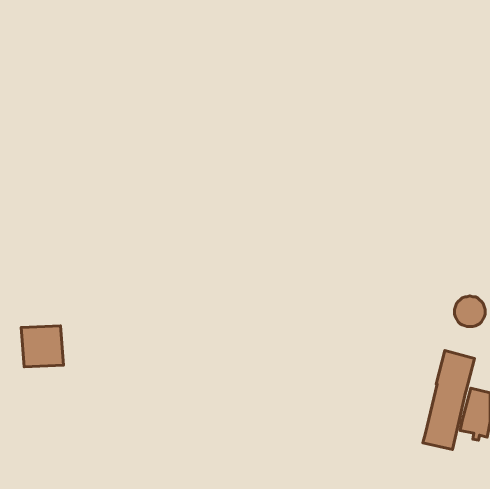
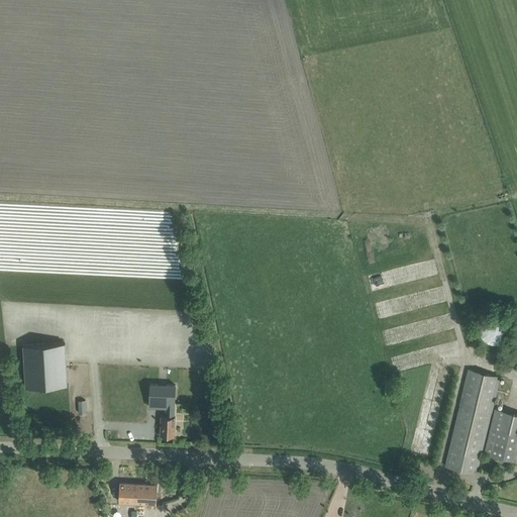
building: none -> [148,386,175,437]
building: none -> [118,484,157,505]

